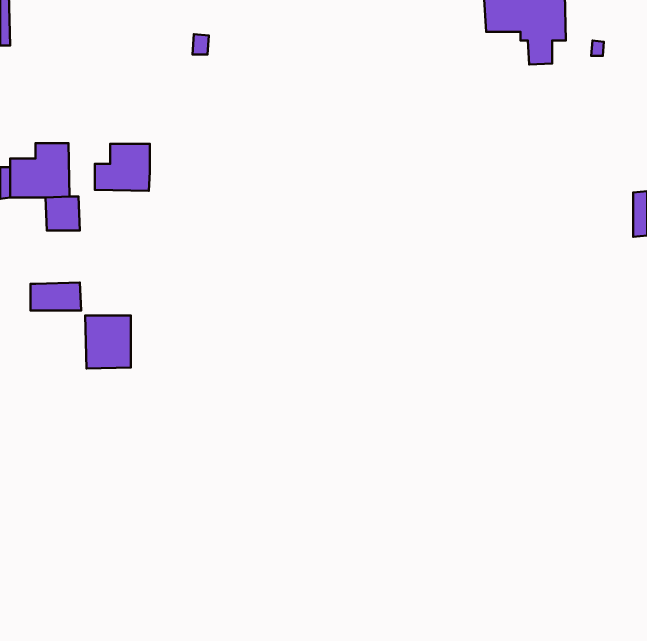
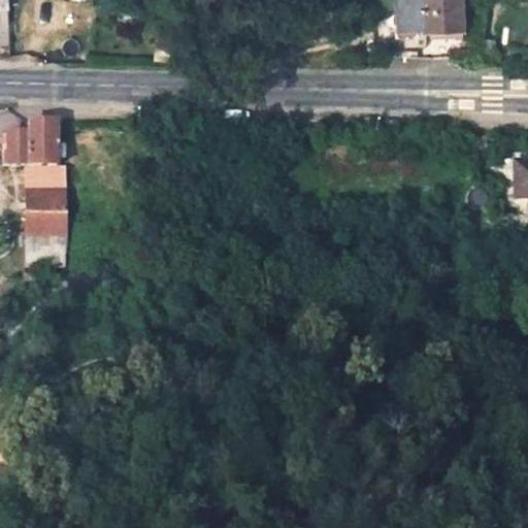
building: [95,144,150,191] -> none
building: [85,315,131,369] -> [28,188,65,231]

